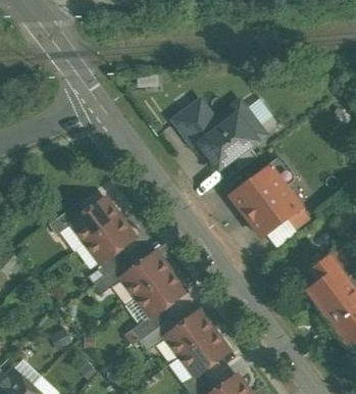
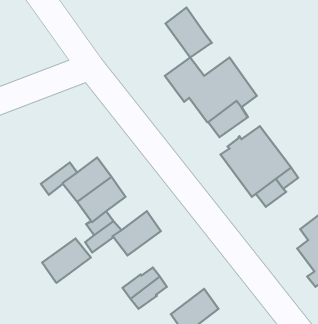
building: none -> [165,8,212,58]
building: [137,272,186,316] -> [42,238,91,283]
building: [165,310,214,355] -> none

